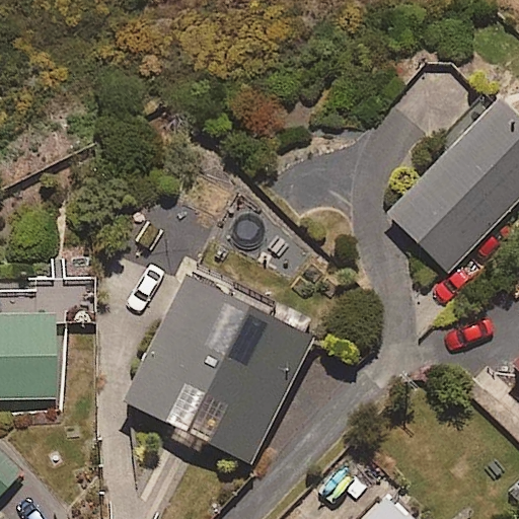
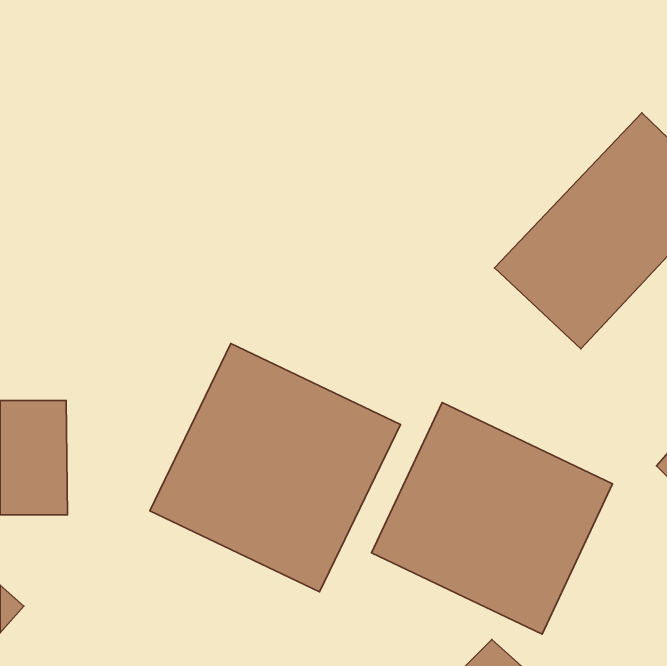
building: none -> [372,402,613,634]

